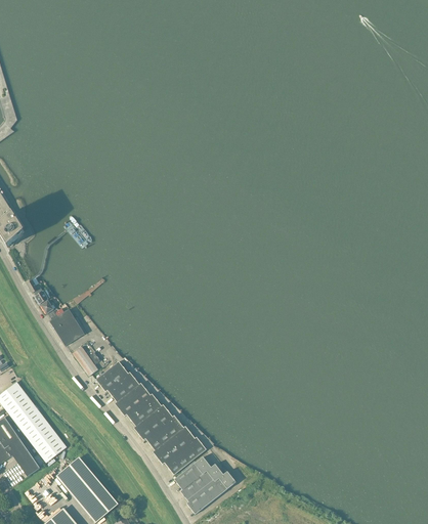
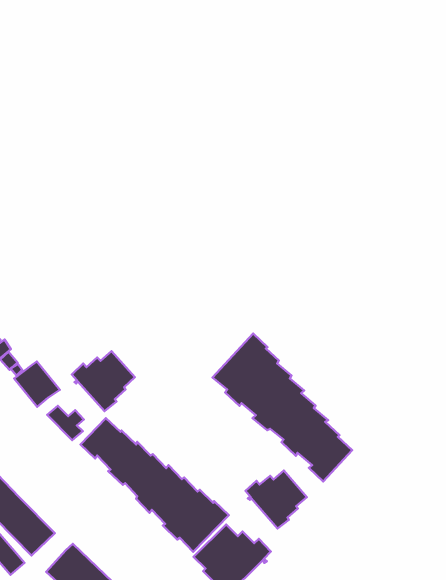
building: none -> [213,334,352,481]
building: none -> [72,351,135,411]
building: none -> [246,470,307,529]

